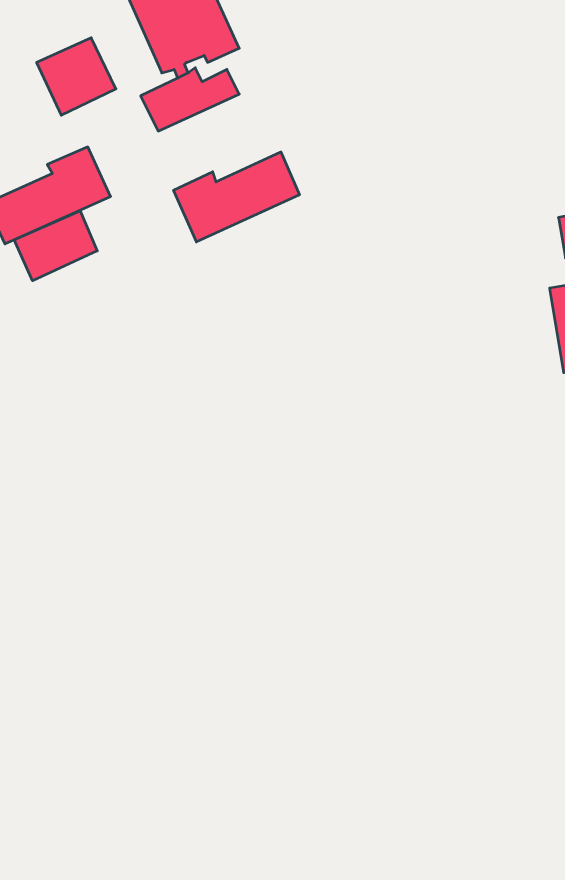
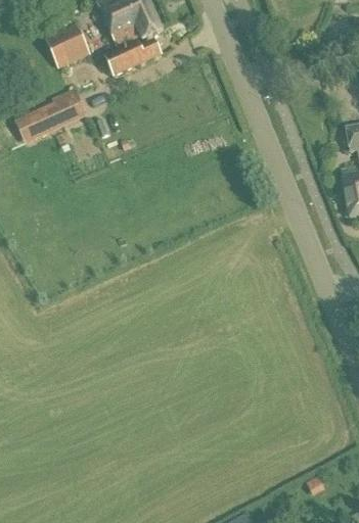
building: [174,152,299,242] -> none
building: [14,211,97,281] -> none

